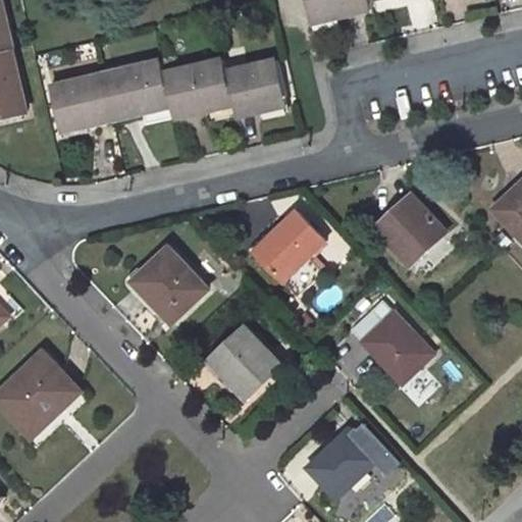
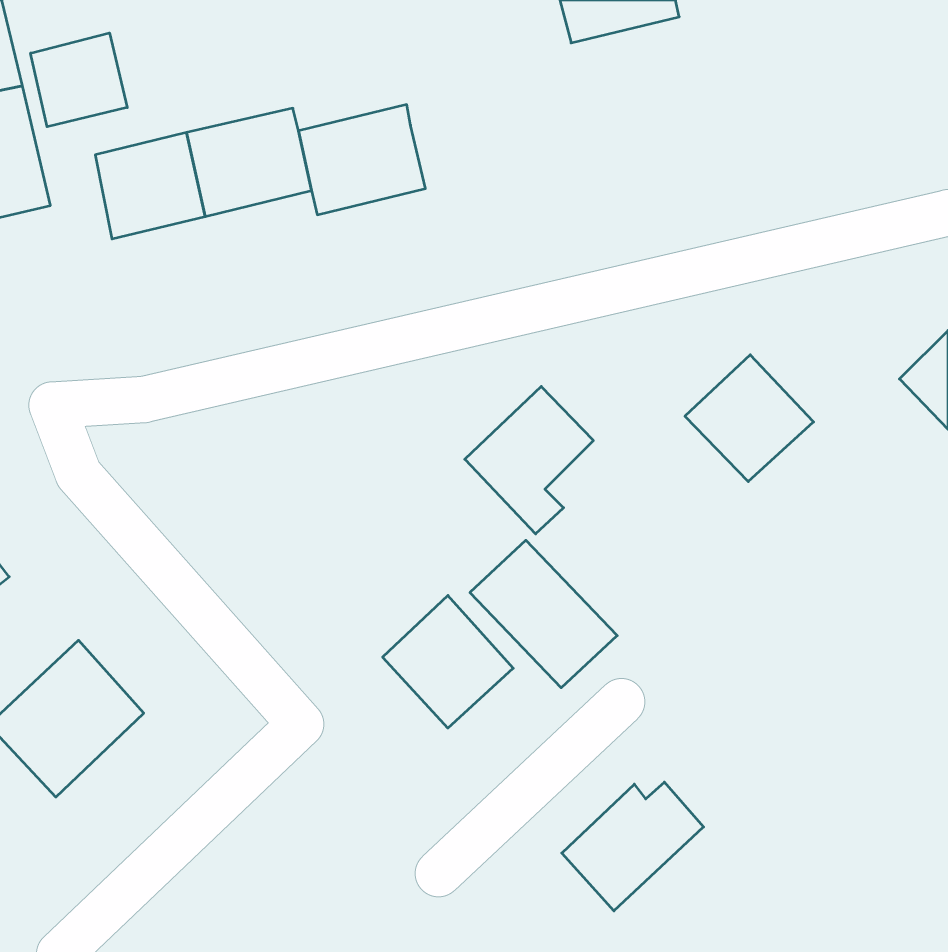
building: none -> [31,33,127,127]
building: [224,58,286,116] -> none
building: [132,247,208,323] -> none
building: [351,301,431,381] -> [470,540,617,688]

